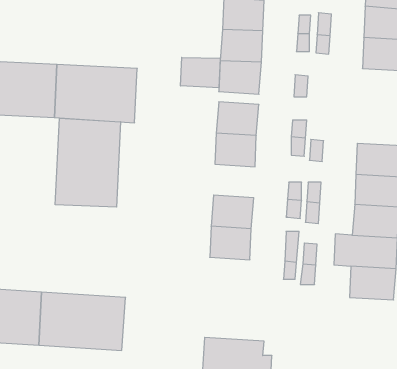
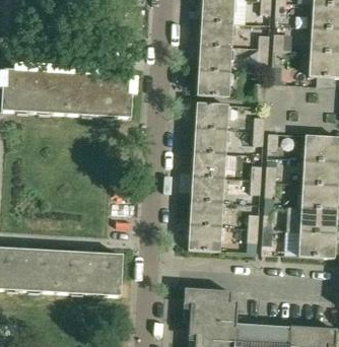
building: [181,57,220,88] -> none
building: [55,118,121,207] -> none
building: none -> [192,151,224,178]
building: none -> [188,224,220,251]

